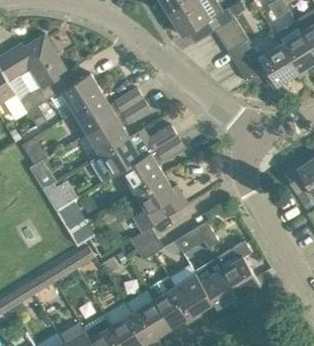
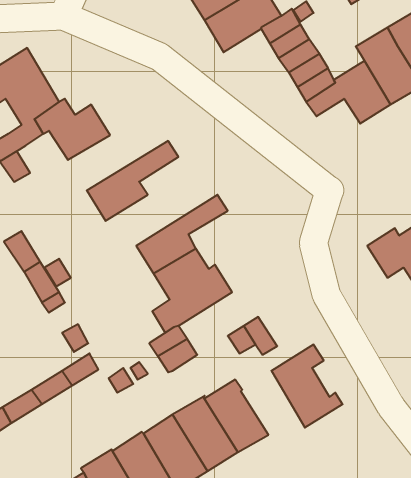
building: [73,88,143,134] -> none
building: [89,125,177,182] -> none
building: [193,259,238,312] -> none

